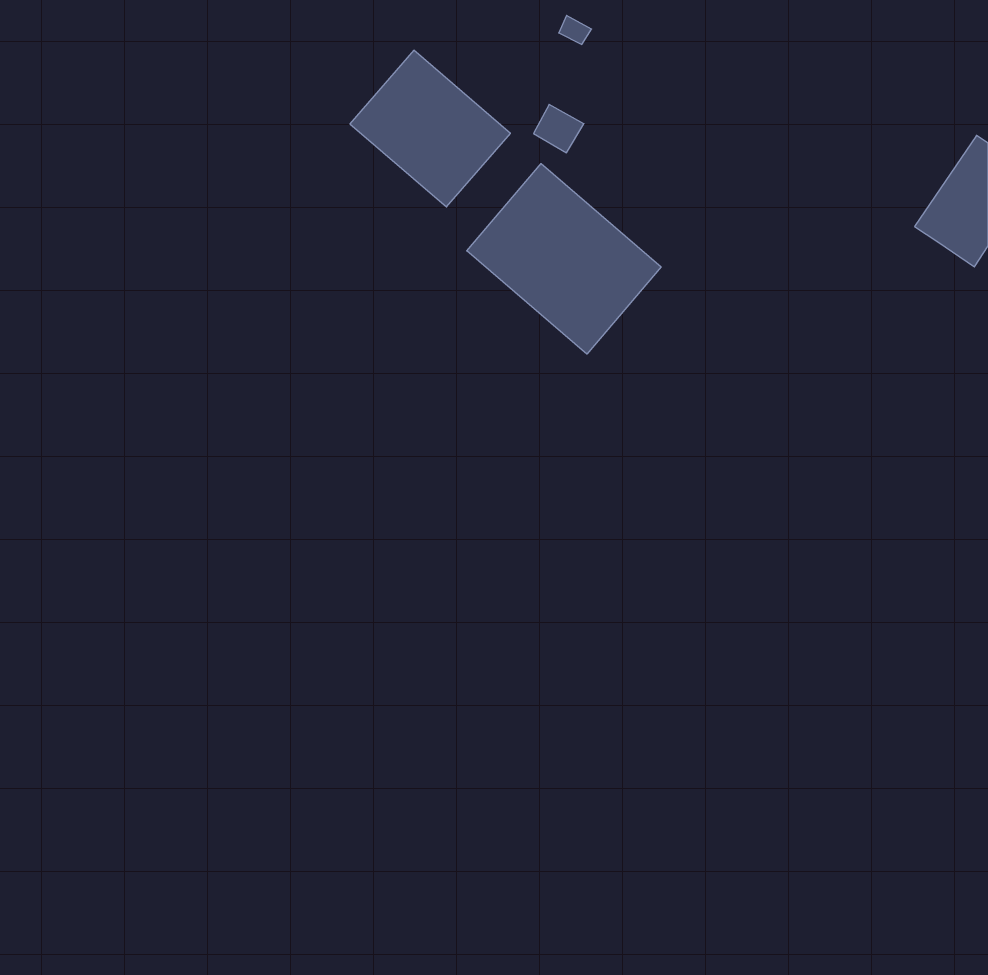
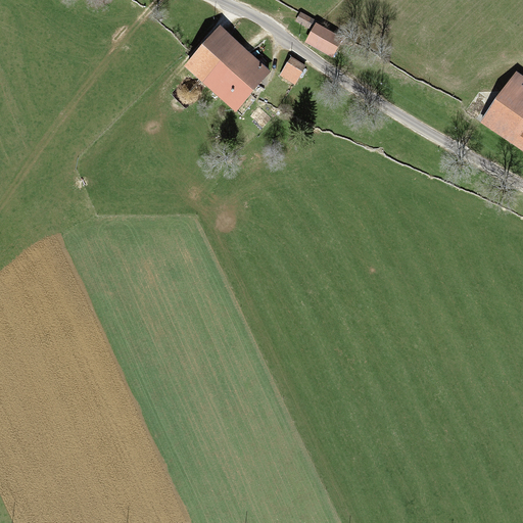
building: none -> [306,21,341,52]
building: [467,164,661,354] -> none

